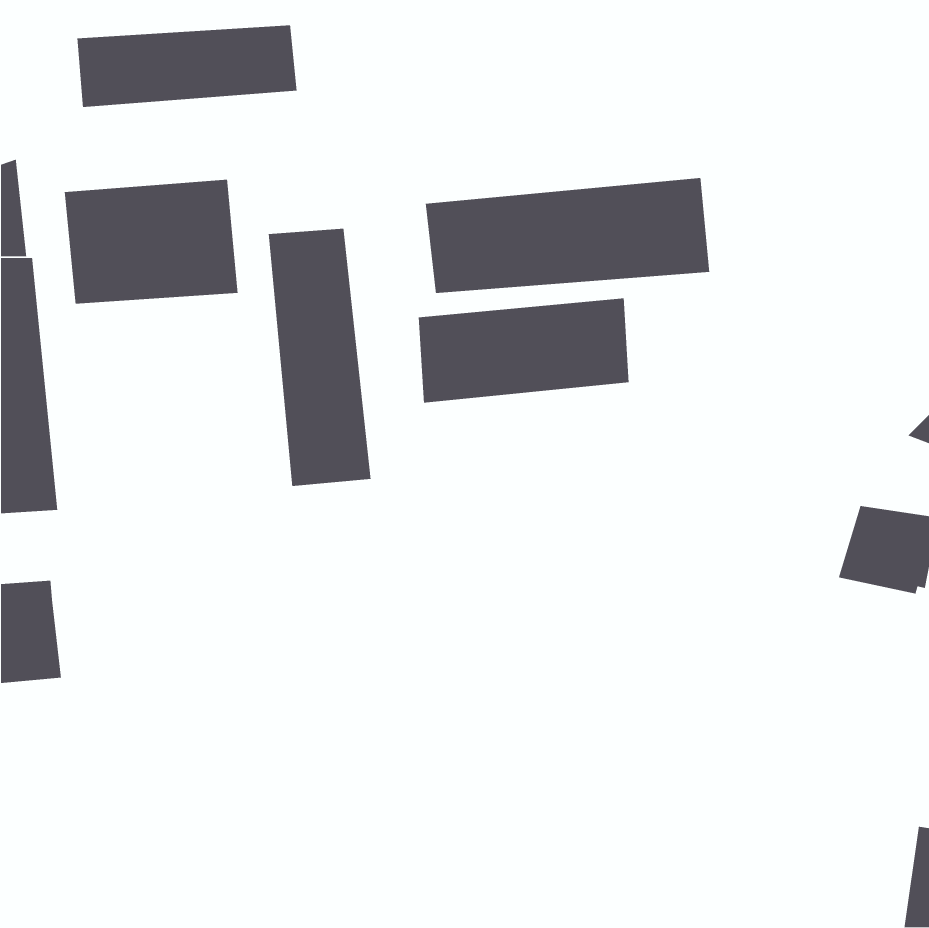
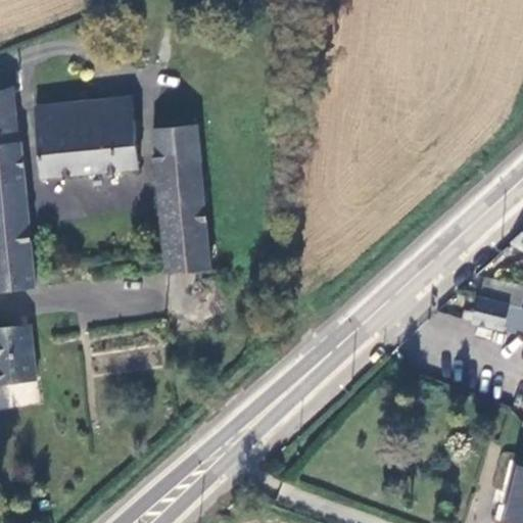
building: [76,25,297,108] -> none
building: [425,177,710,294] -> none
building: [418,297,630,403] -> none

